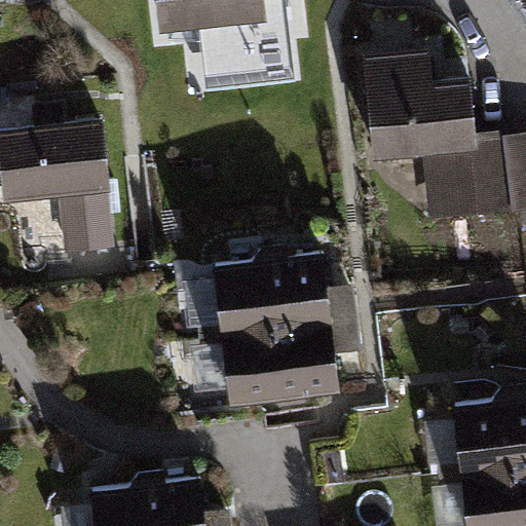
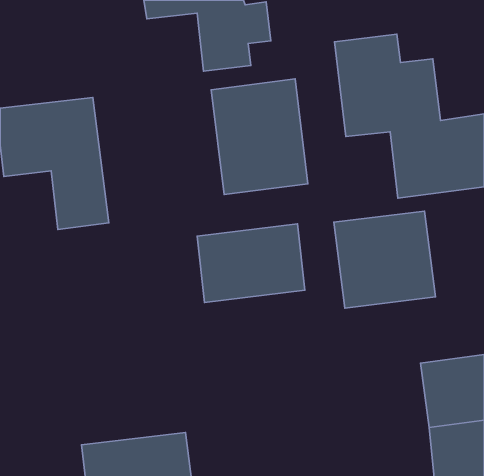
building: none -> [211,79,308,195]
building: none -> [334,211,435,308]
building: [222,324,339,407] -> none

